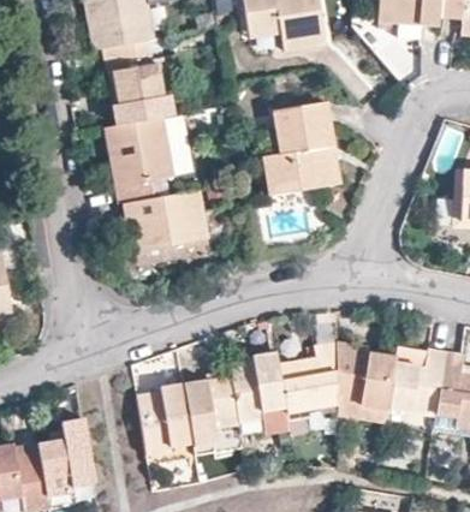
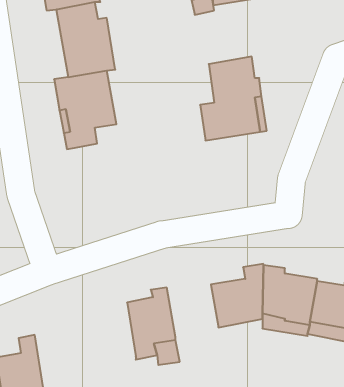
building: [127,195,209,257] -> none
building: [231,349,292,429] -> none
building: [137,381,196,454] -> none

